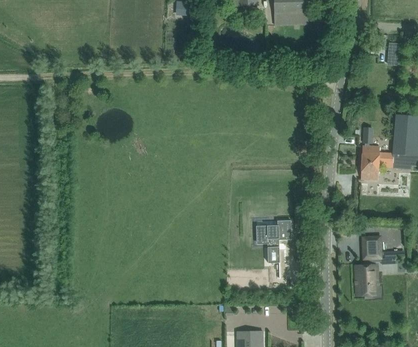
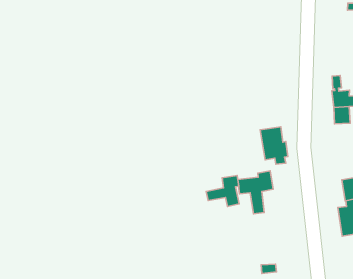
building: none -> [260,127,288,164]
building: none -> [206,175,239,206]

